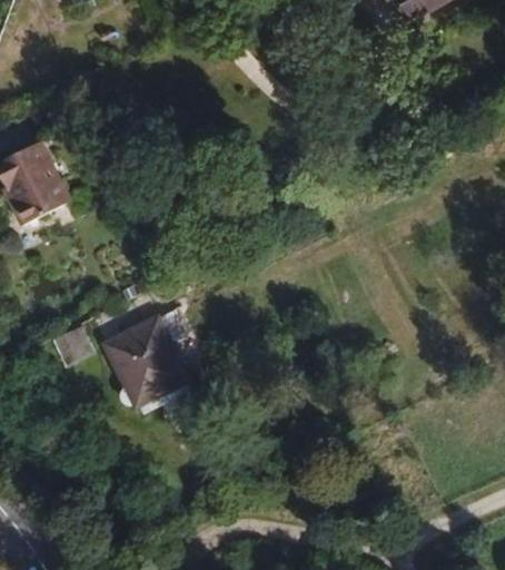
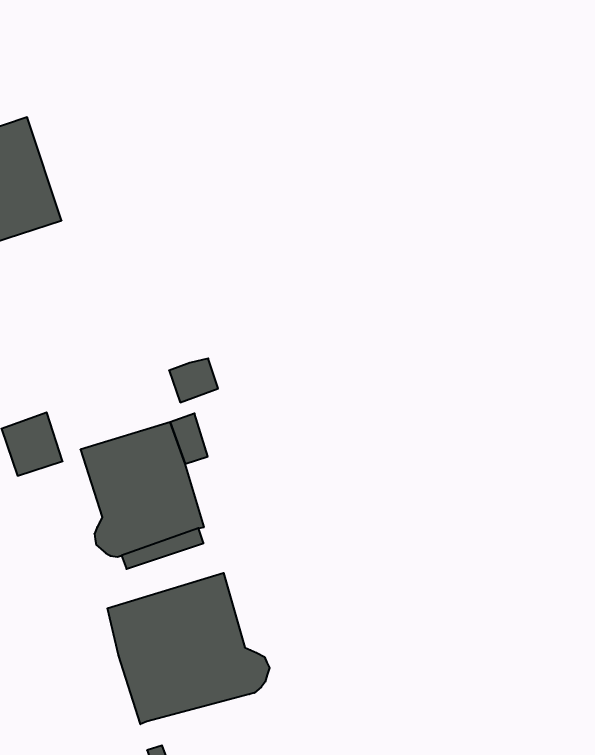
building: none -> [107,573,270,724]

